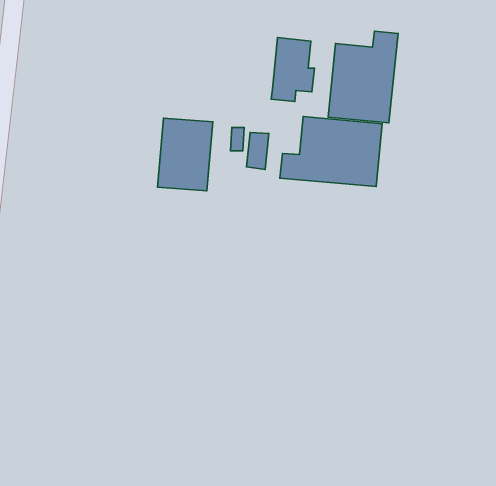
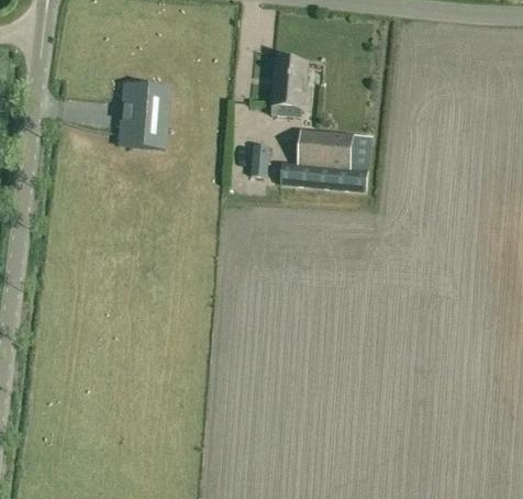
building: [328,31,398,123] -> none
building: [157,118,213,191] -> [119,81,168,146]

